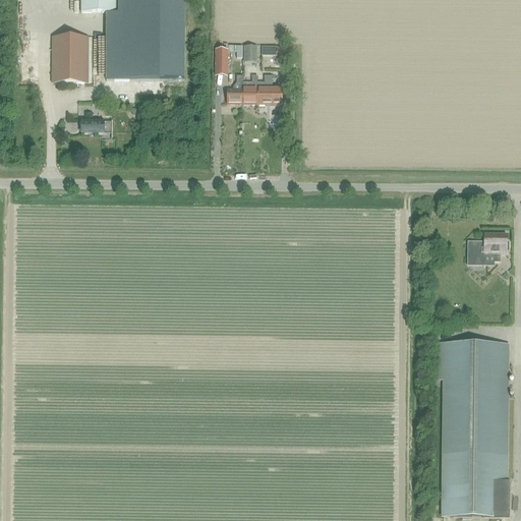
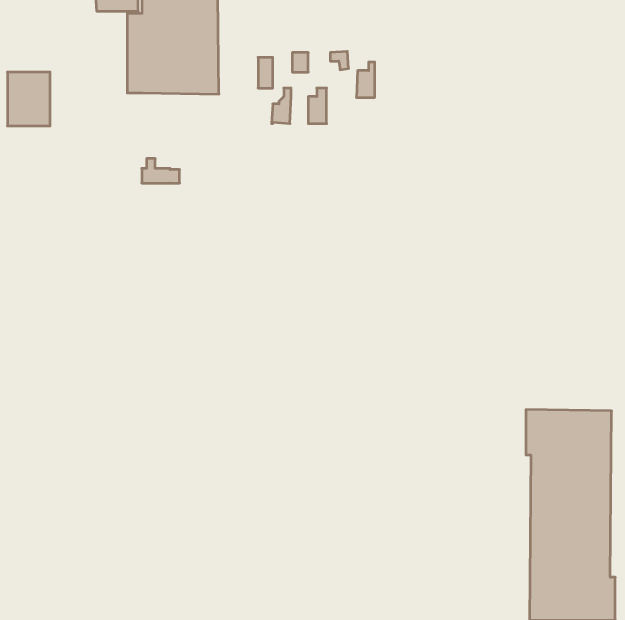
building: [52,36,88,80] -> [7,72,50,126]
building: [241,73,256,103] -> [356,62,375,97]
building: [80,111,112,131] -> [142,159,180,183]
building: [466,232,506,264] -> none

